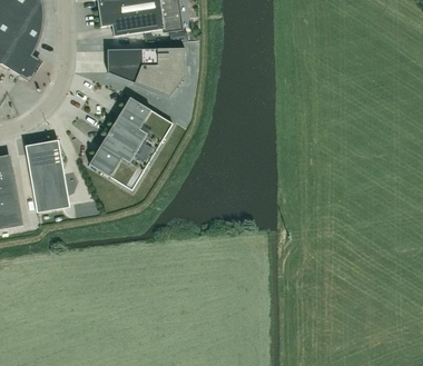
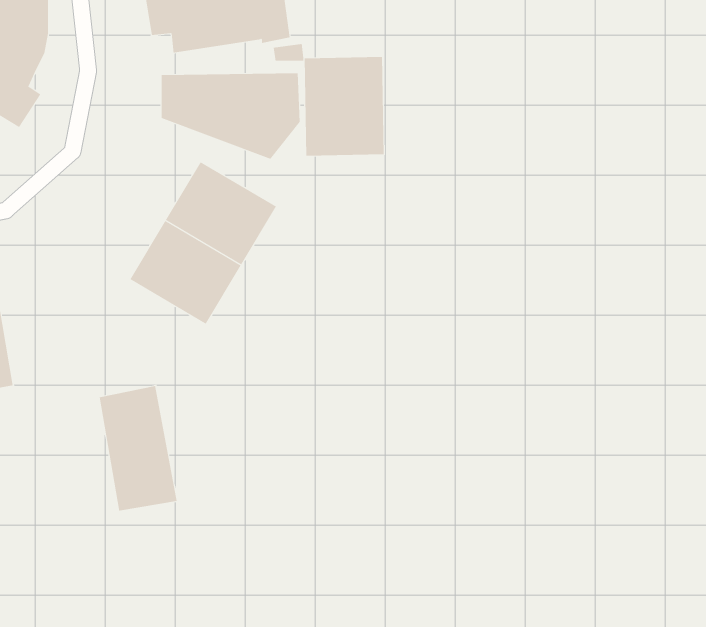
building: none -> [304,56,384,157]
building: [26,139,70,210] -> [99,385,178,511]

